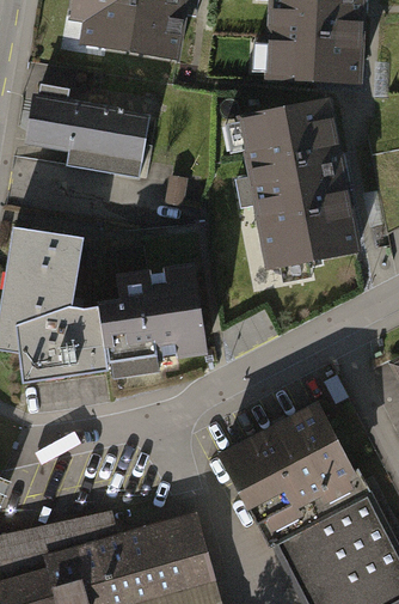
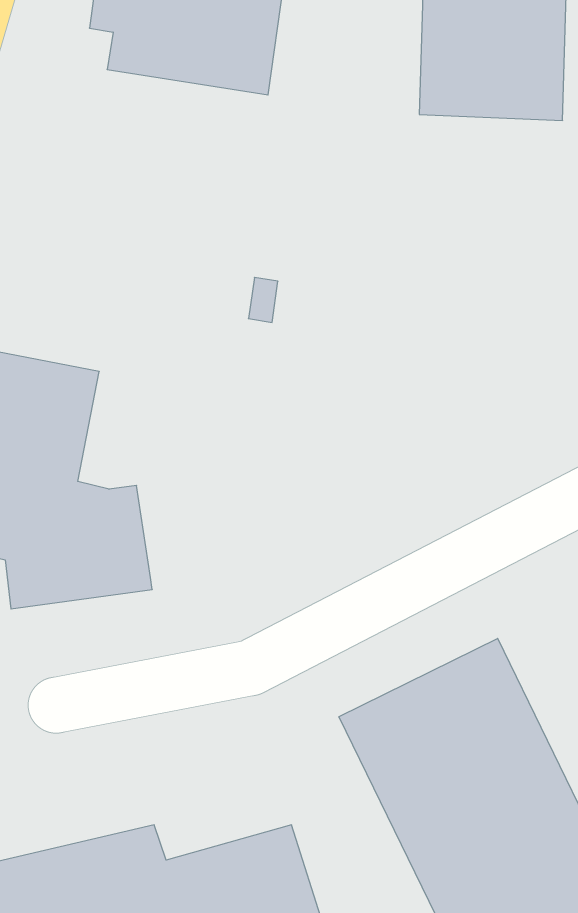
building: [23,96,145,178] -> none
building: [241,100,357,268] -> none
building: [100,250,207,362] -> none

